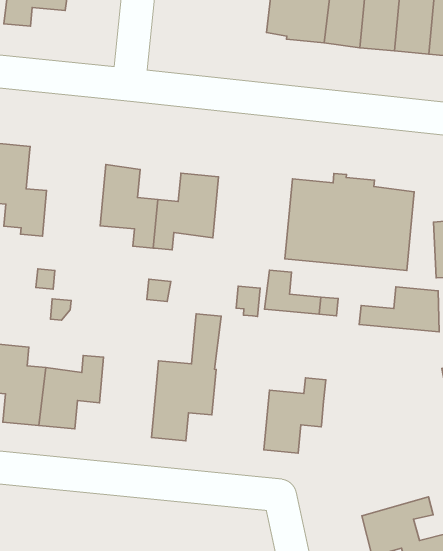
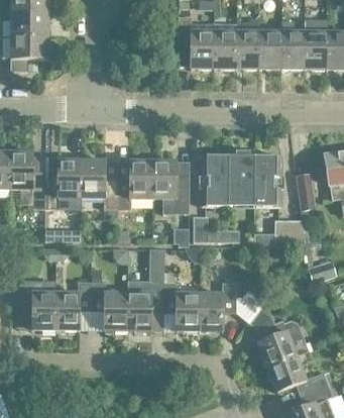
building: none -> [45,158,82,207]
building: none -> [154,159,189,212]
building: none -> [92,267,127,329]
building: none -> [164,271,200,330]
building: none -> [235,289,264,322]
building: none -> [256,314,308,367]

